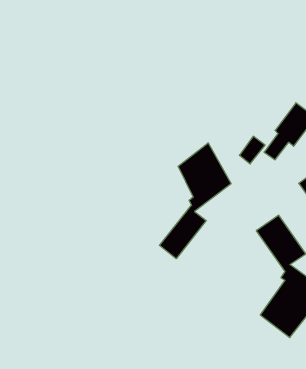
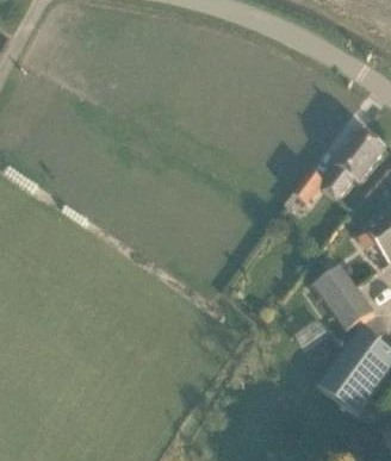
building: [159,143,231,259] -> none

